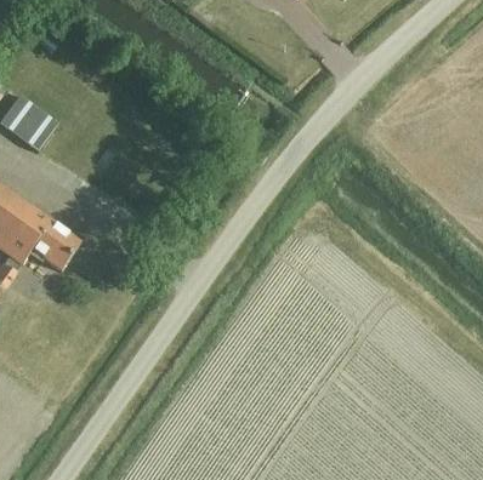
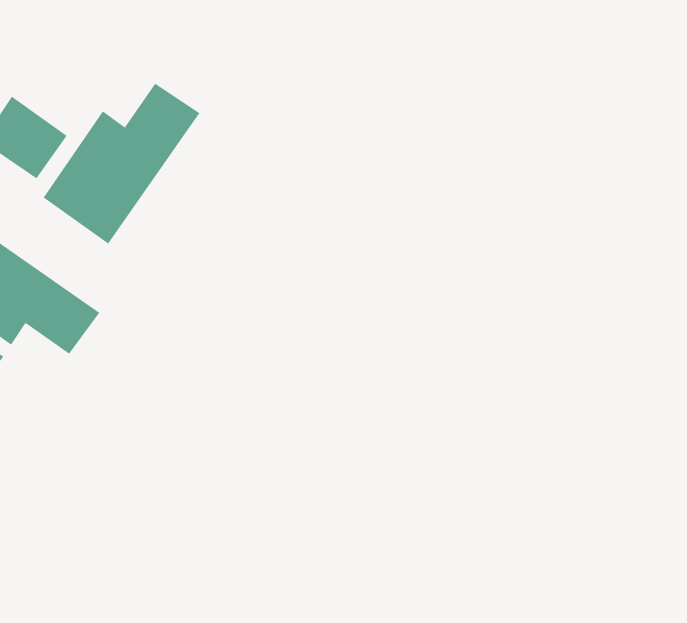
building: none -> [43,83,200,244]

